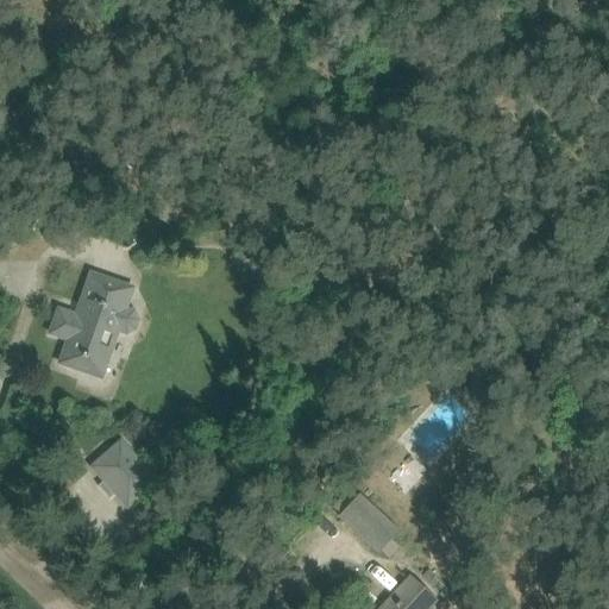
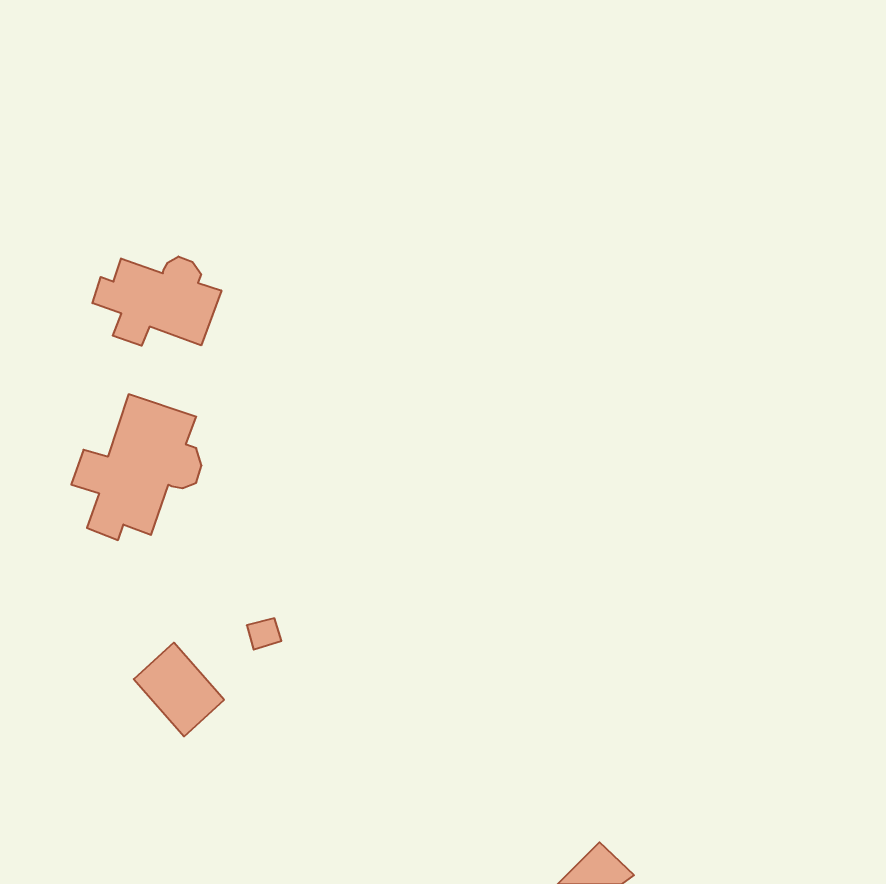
building: none -> [92,256,221,346]
building: [337,494,398,554] -> none

